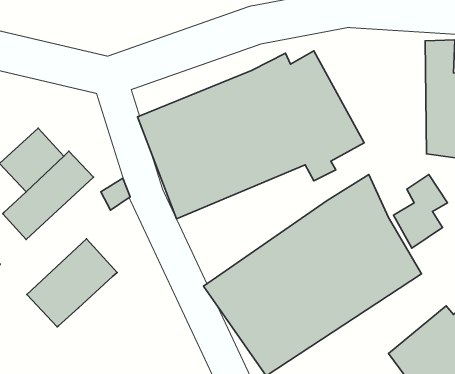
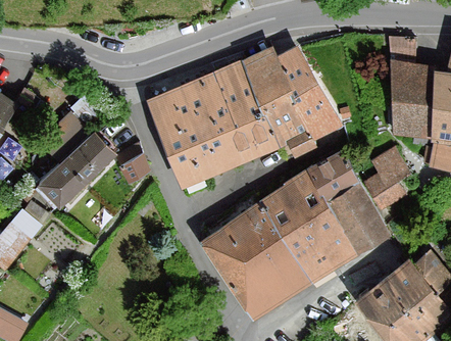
building: [27,239,117,327] -> none

